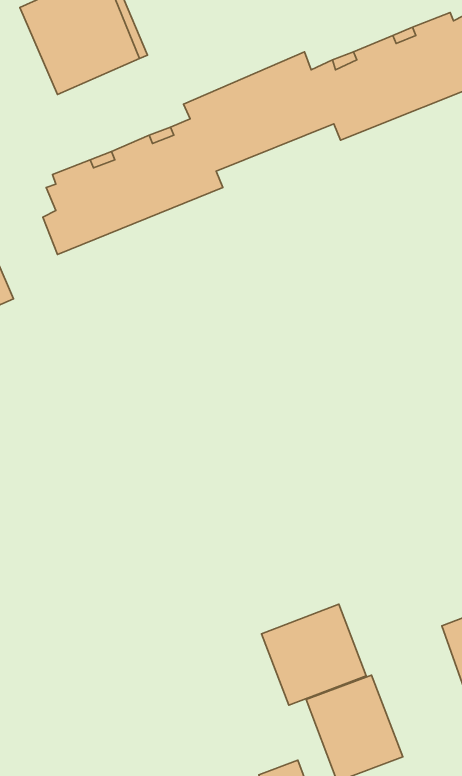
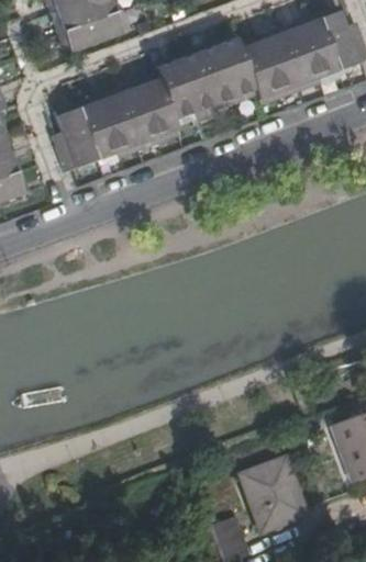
building: [261,604,366,705] -> none

